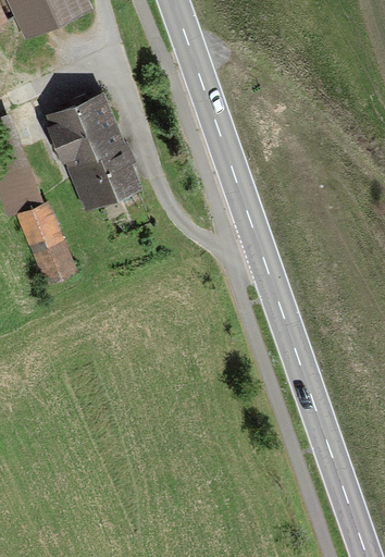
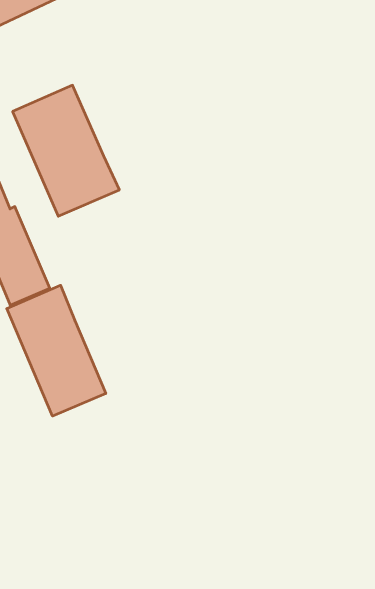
building: none -> [7,285,106,416]

